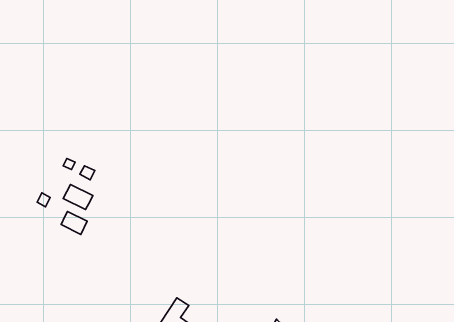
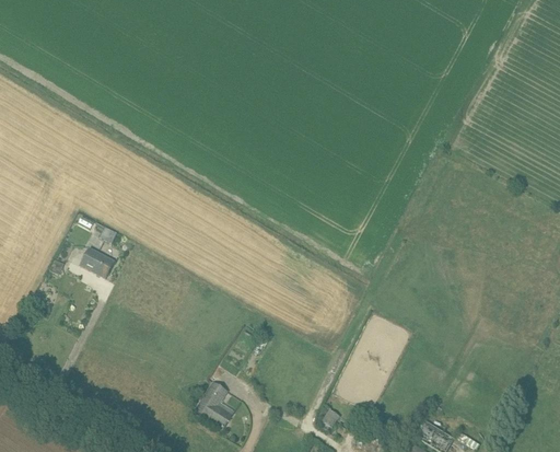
building: [61,211,87,234] -> none

